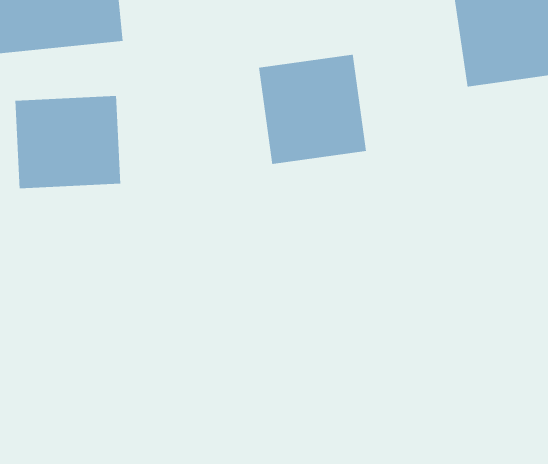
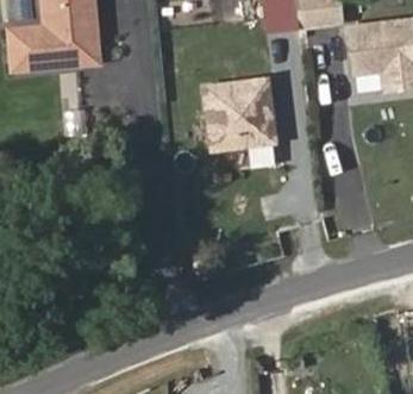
building: [15,95,121,189] -> none

